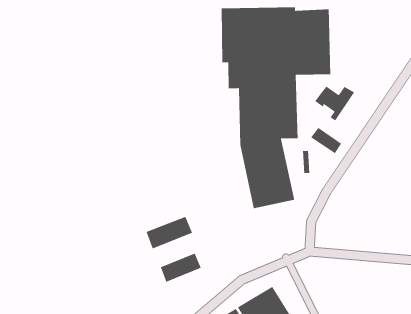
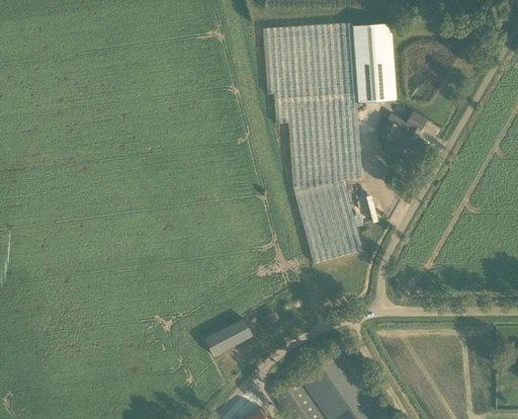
building: [310,127,342,154] -> none
building: [145,216,193,249] -> none

